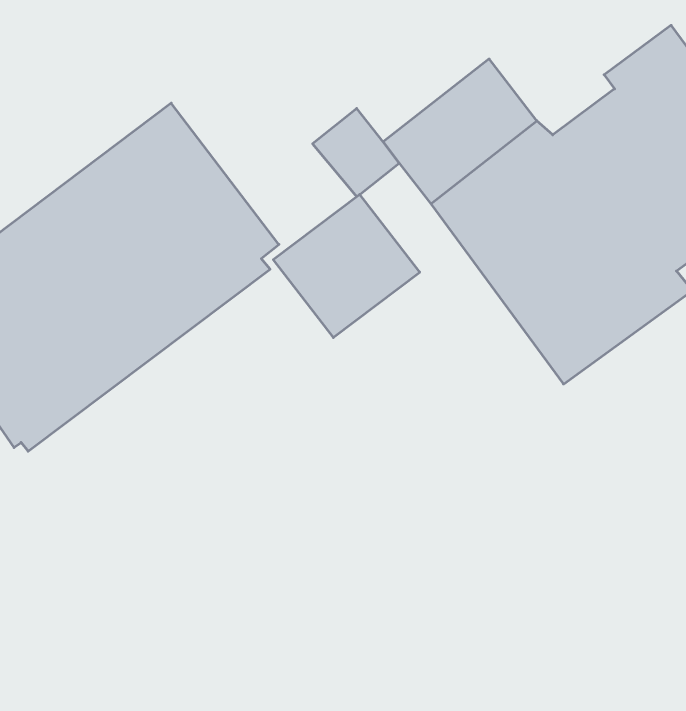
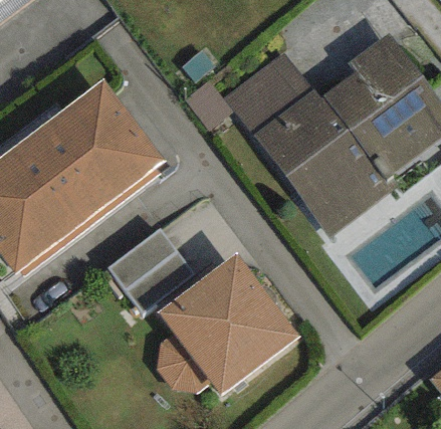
building: [273,194,420,338] -> [108,230,192,311]
building: none -> [155,250,300,395]

